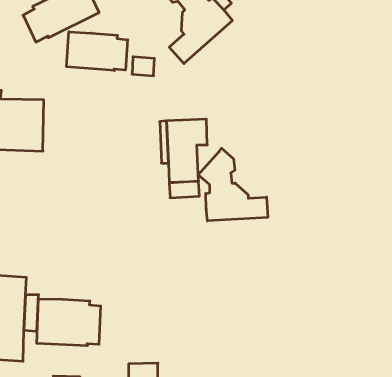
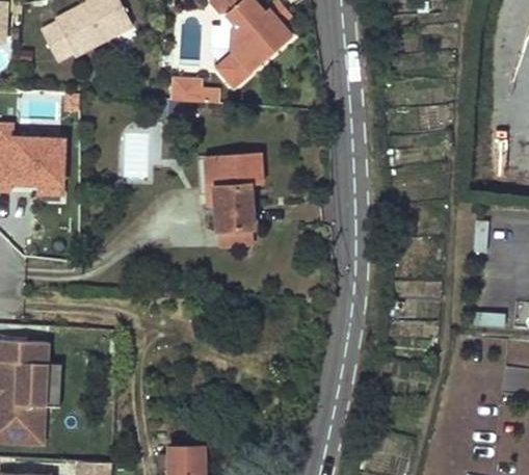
building: [67,32,128,71] -> none
building: [198,148,268,221] -> none
building: [37,299,101,346] -> none

